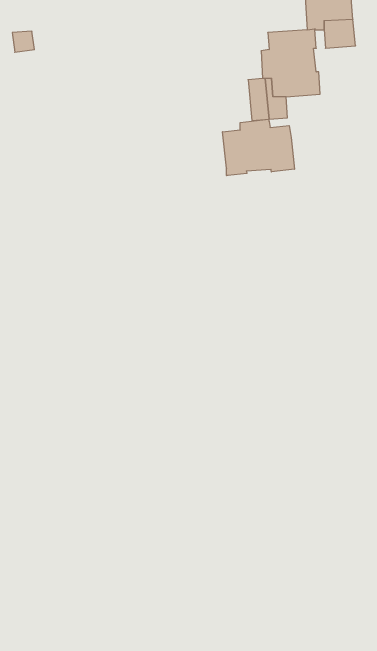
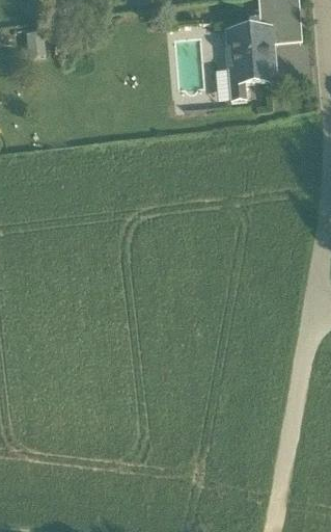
building: [223,119,294,176] -> none

